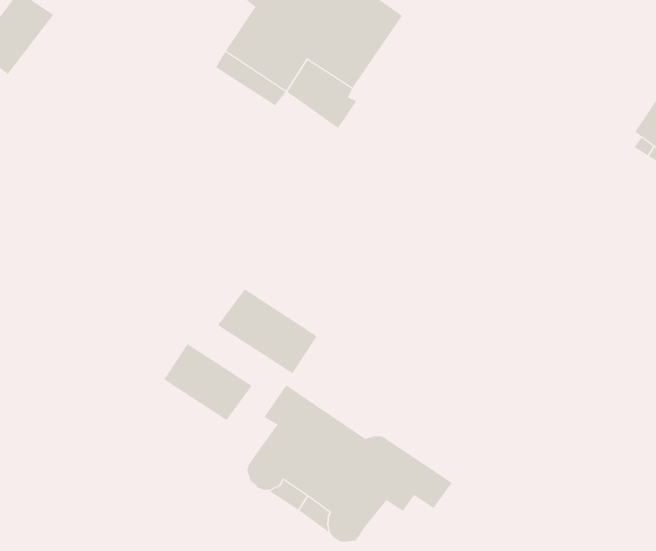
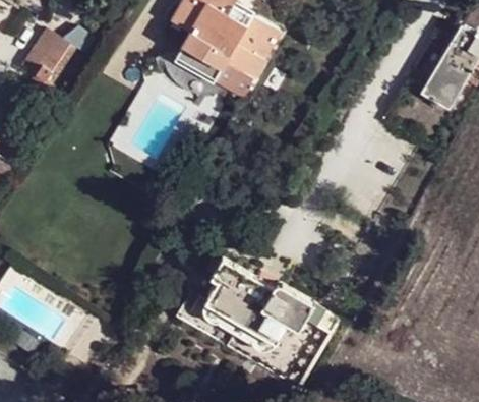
building: [217,288,317,374] -> none
building: [164,343,253,421] -> none

